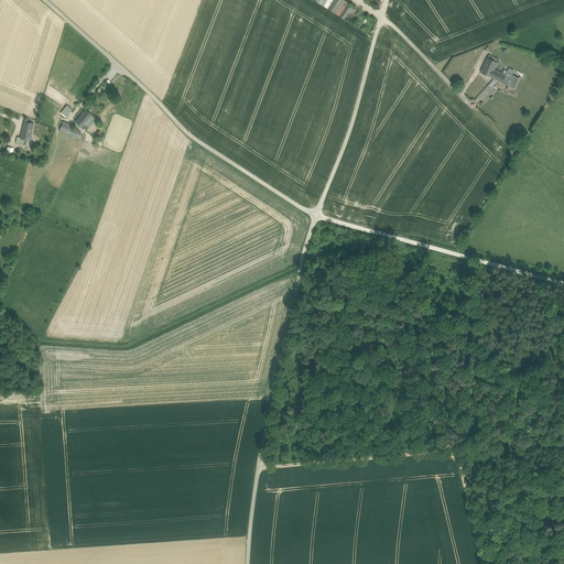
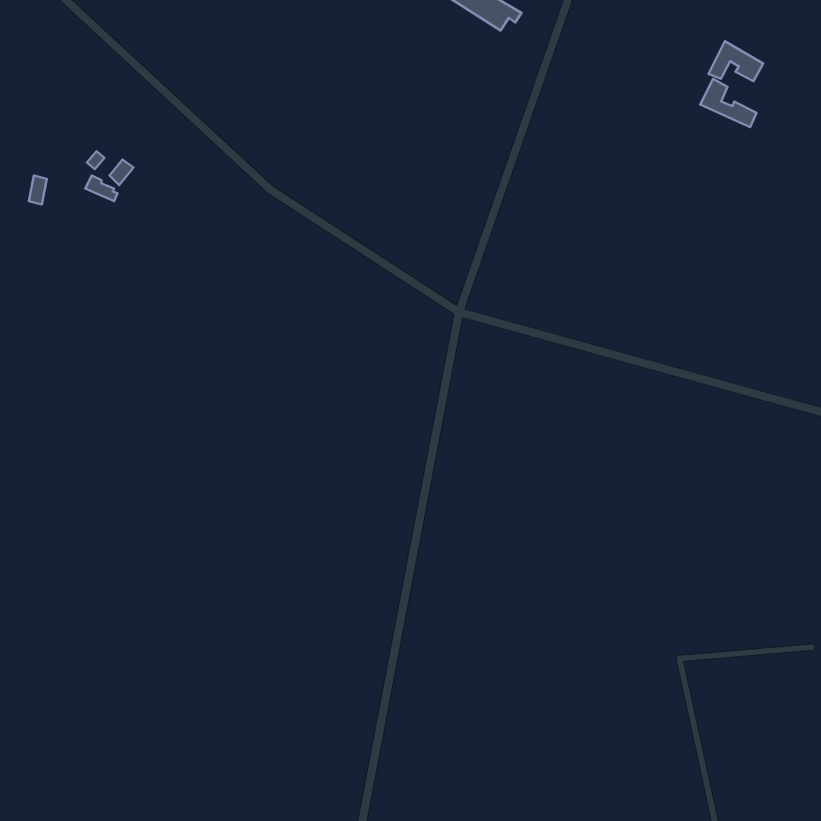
building: none -> [708,41,763,81]

